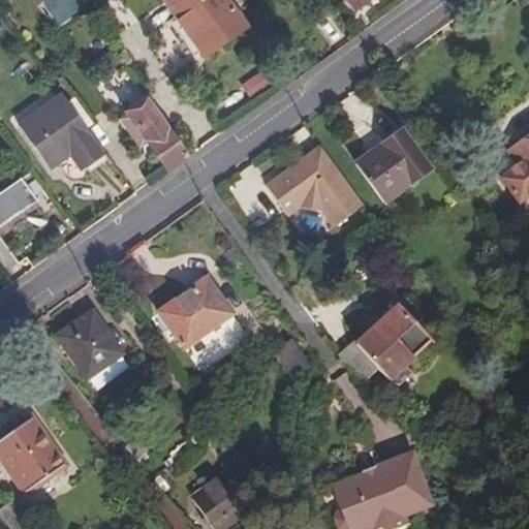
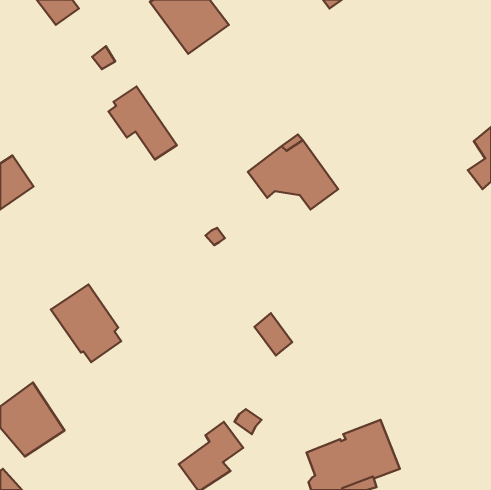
building: [20,95,105,175] -> none
building: [353,129,428,200] -> none
building: [152,271,239,349] -> none
building: [336,299,433,385] -> none

